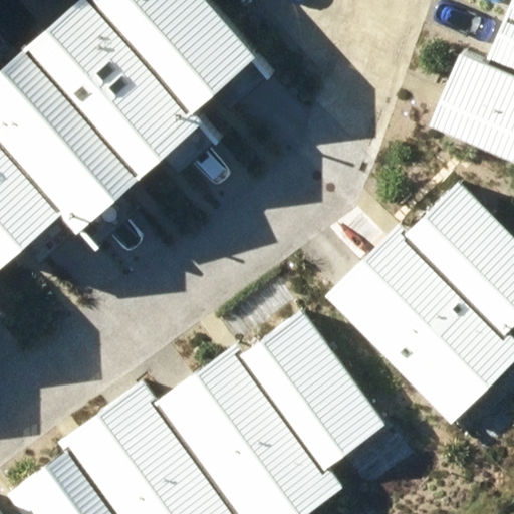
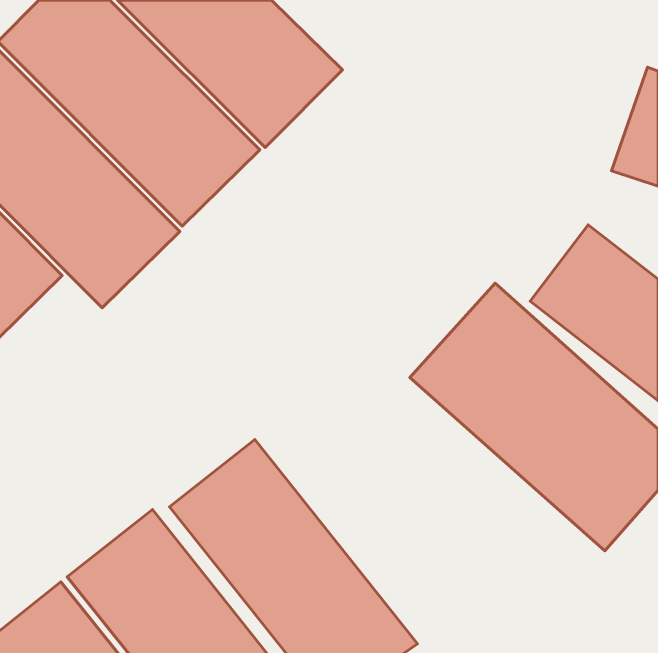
building: [220,294,413,505] -> none

